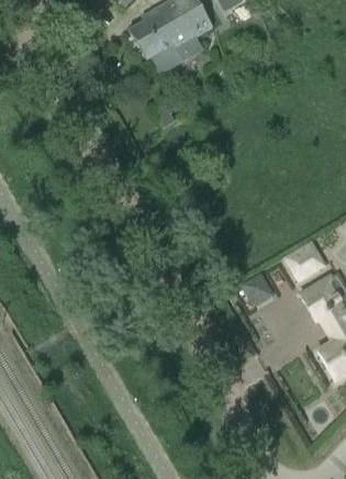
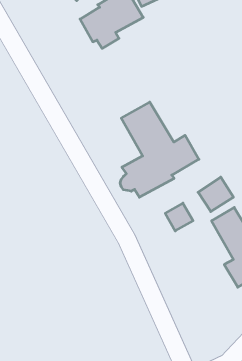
building: none -> [120,102,199,197]

